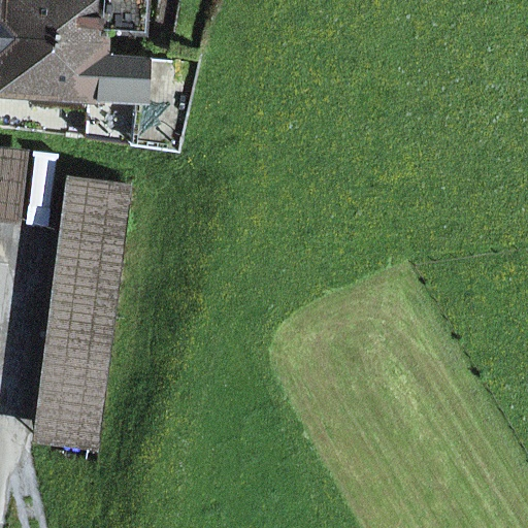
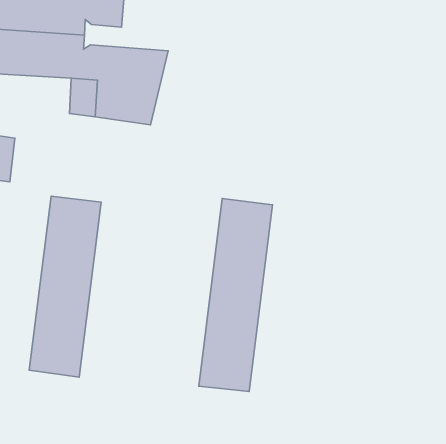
building: [60,176,126,237] -> none
building: none -> [199,198,272,392]

